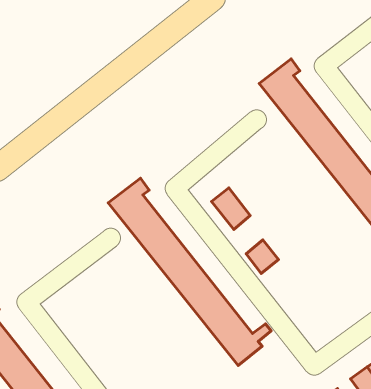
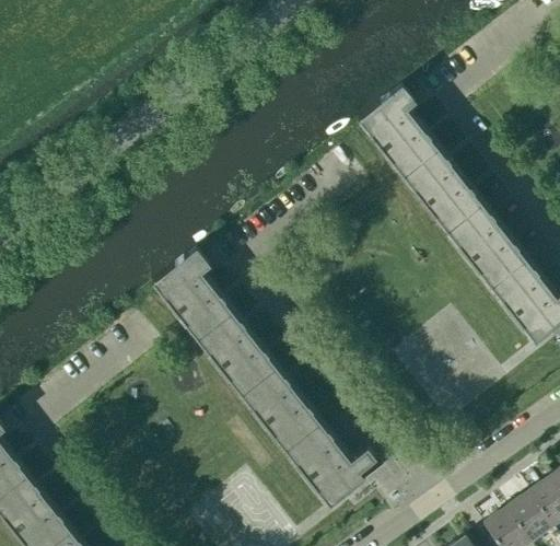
building: [212,188,250,230] -> none
building: [246,240,279,273] -> none

